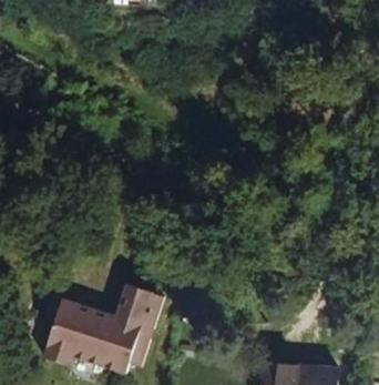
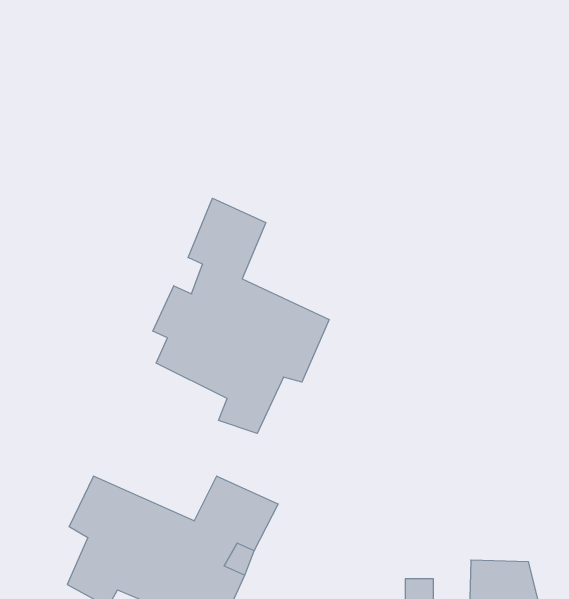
building: none -> [153,198,329,433]

